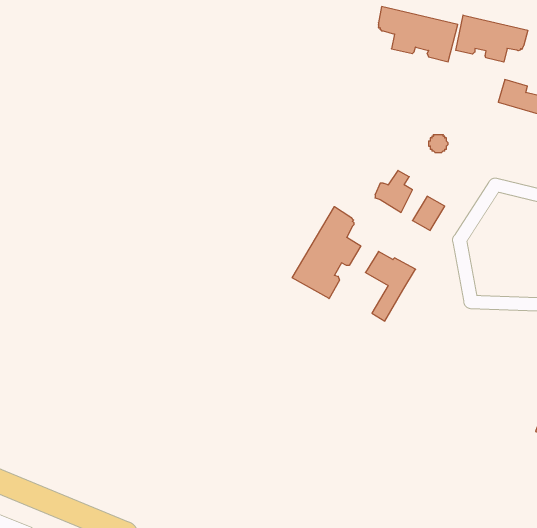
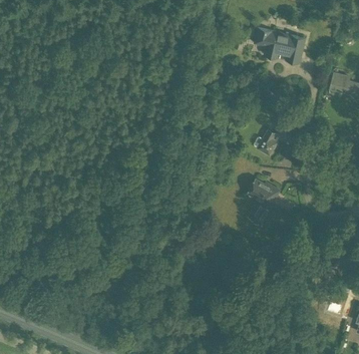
building: [456,15,528,62] -> none
building: [292,207,361,299] -> none

